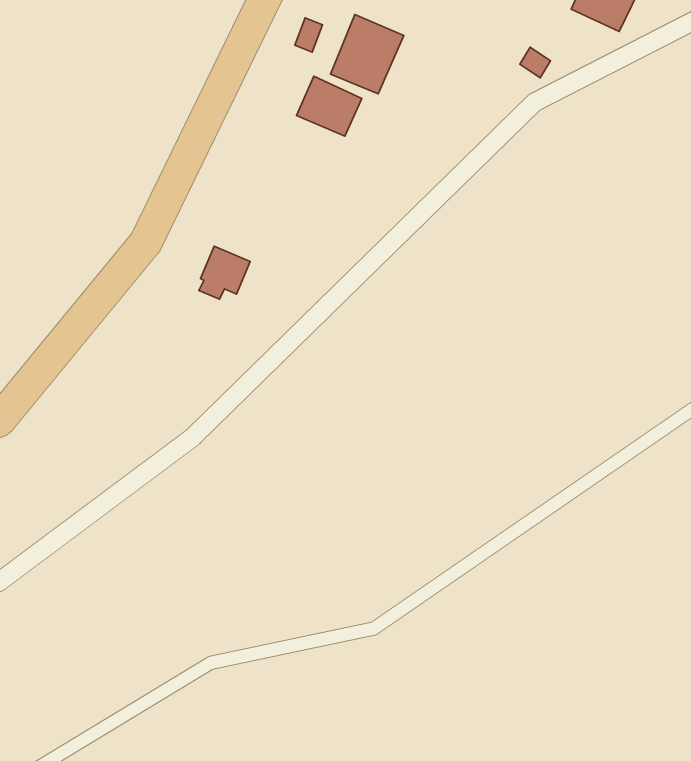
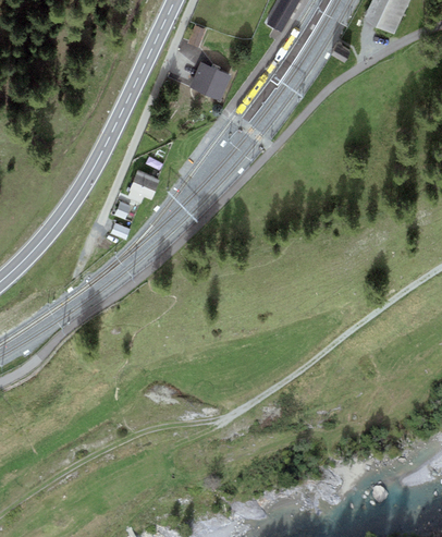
building: [331,14,404,94] -> none

